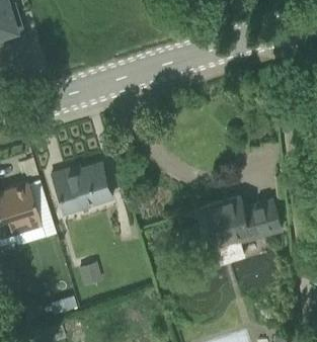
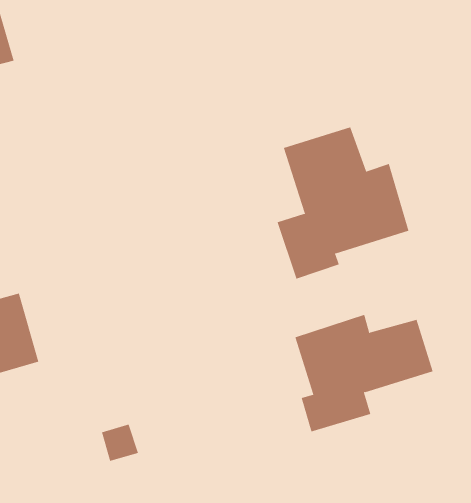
building: none -> [277,126,409,279]
building: [47,161,112,216] -> none

